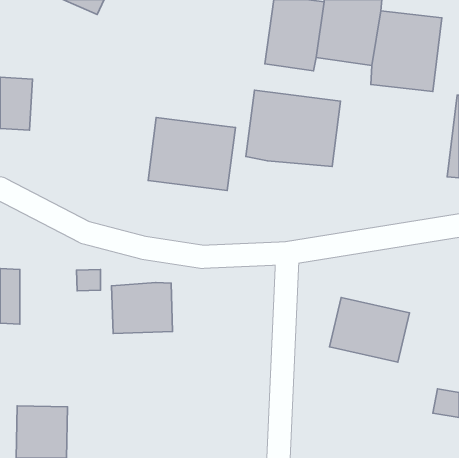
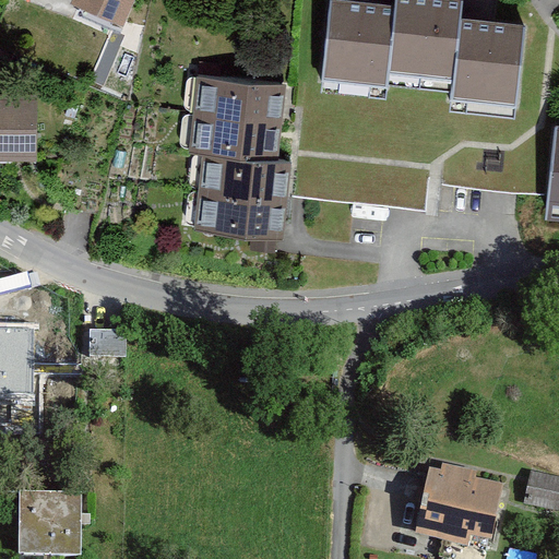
building: none -> [177,67,280,153]
building: [246,90,341,166] -> none
building: [112,283,173,334] -> none
building: [330,297,409,362] -> [416,468,513,547]

